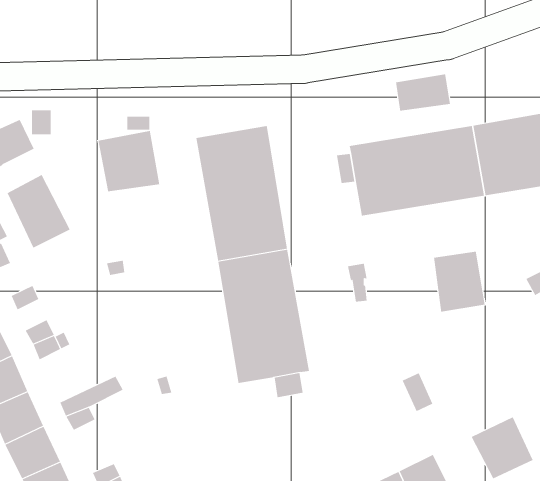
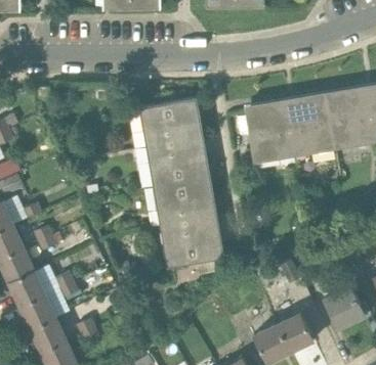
building: [395,74,451,112] -> none
building: [98,130,160,192] -> none
building: [7,174,70,248] -> none
building: [433,251,485,313] -> none

